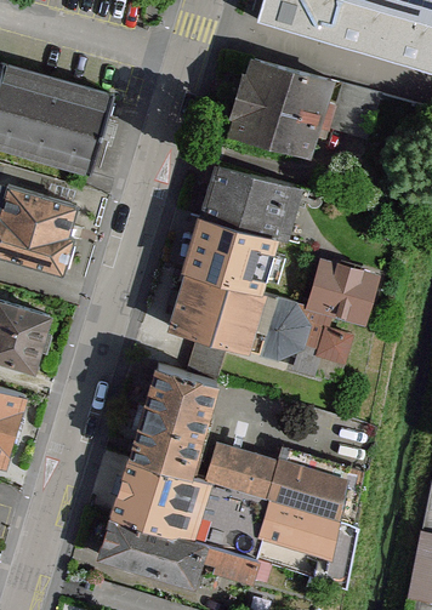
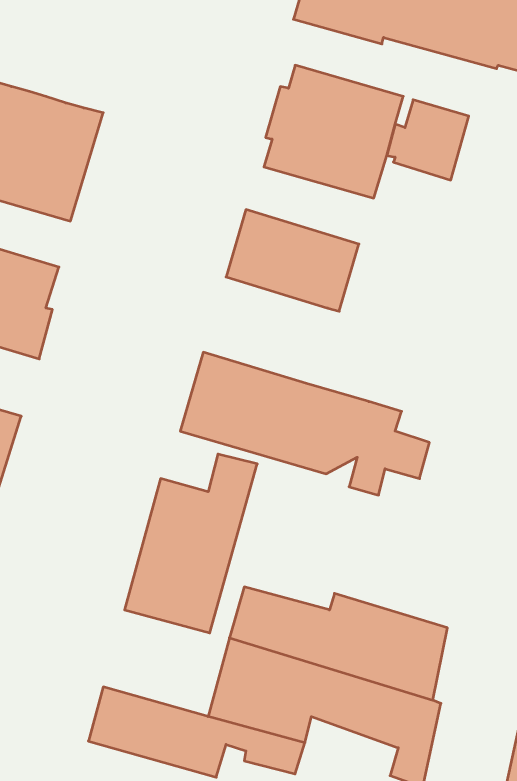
building: [183,215,275,293] -> none
building: [306,260,377,324] -> none
building: [109,461,203,540] -> none

